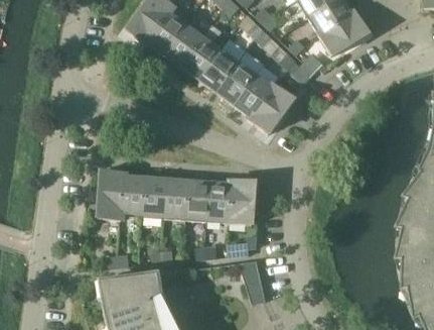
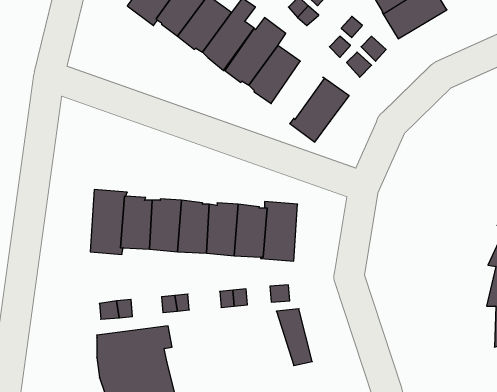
building: [234,72,274,116] -> none

